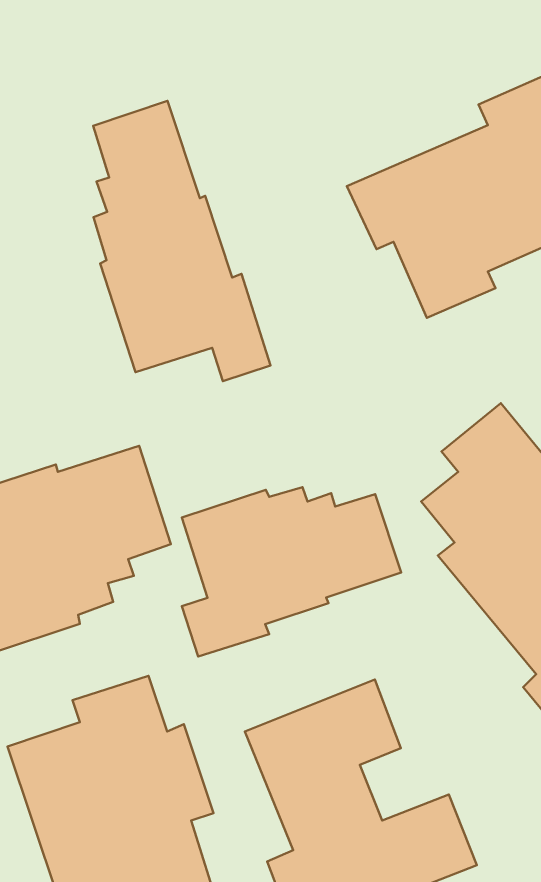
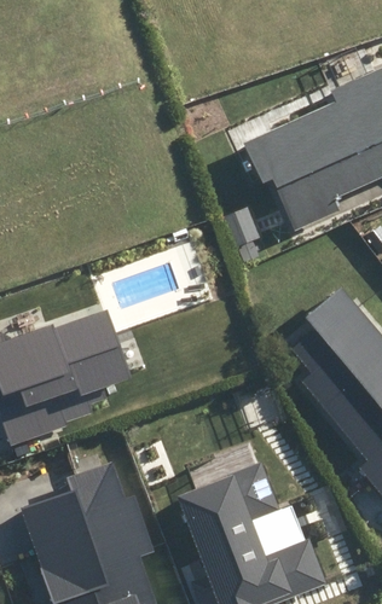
building: [93,101,271,381] -> none
building: [182,487,401,656] -> none

